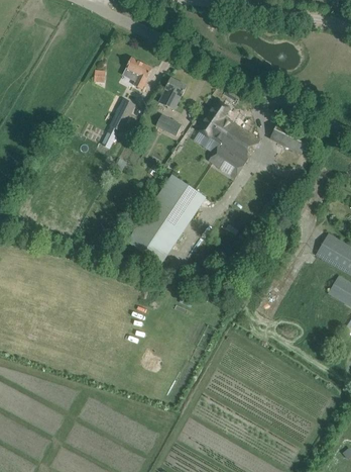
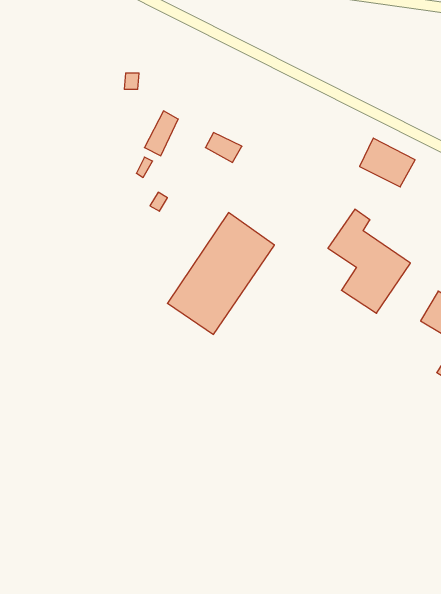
building: [123,57,152,88] -> none
building: [159,77,187,108] -> none
building: [199,99,260,177] -> [328,209,410,313]

